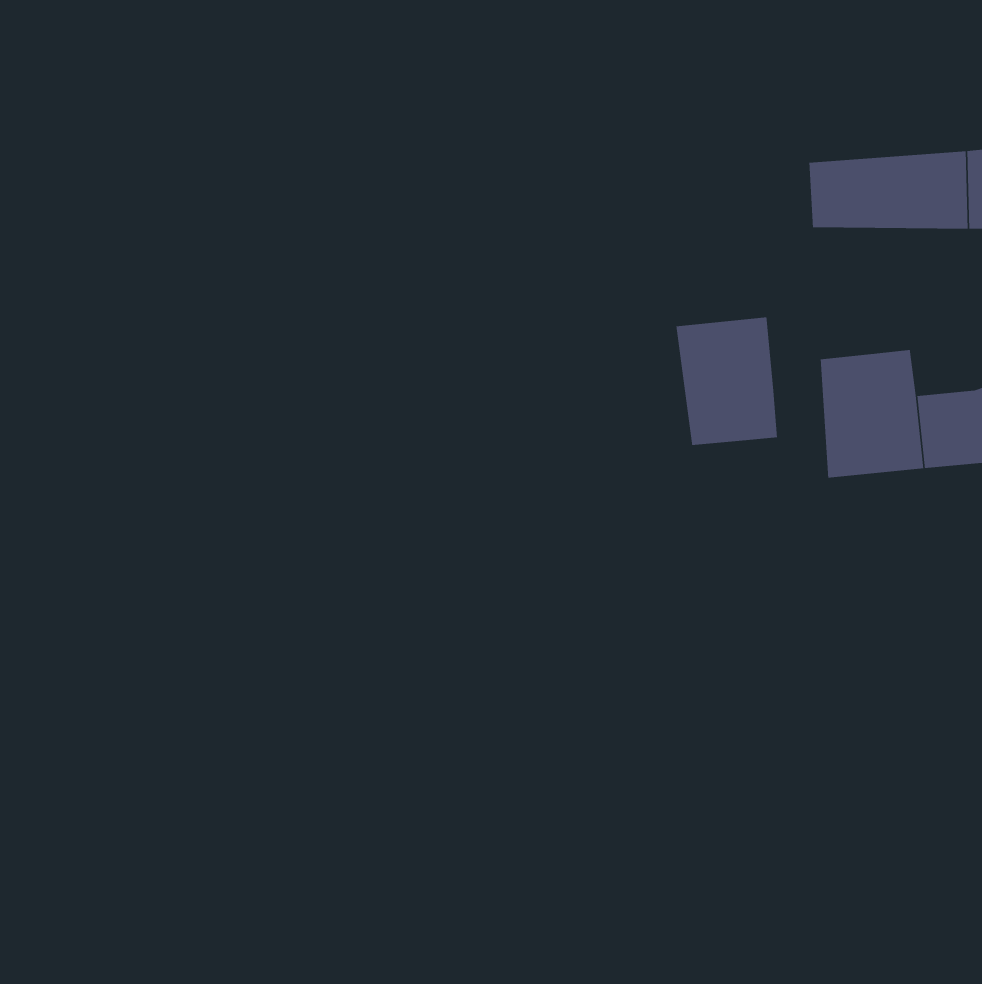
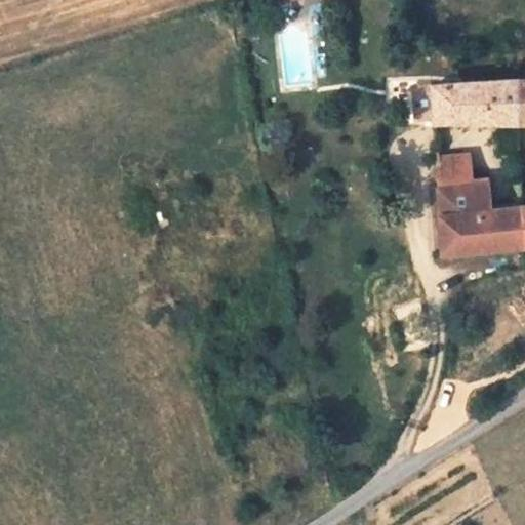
building: none -> [436,158,467,192]
building: [675,317,778,446] -> none

